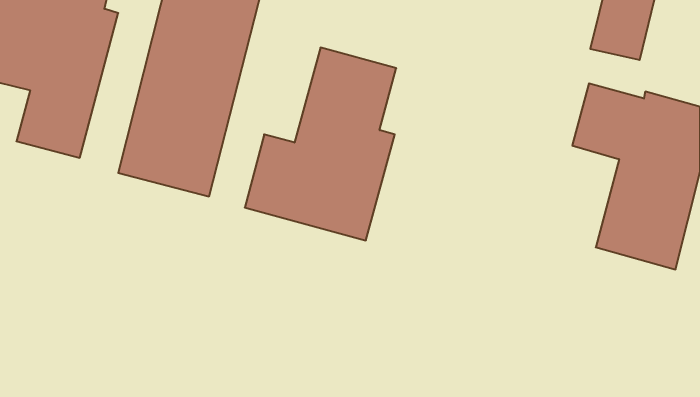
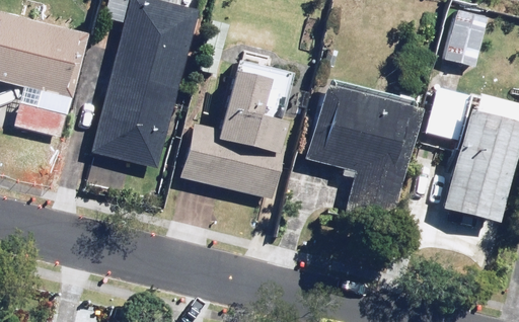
building: none -> [303,76,424,222]

